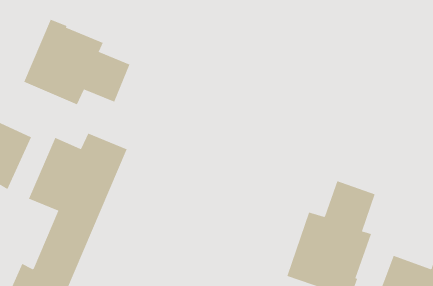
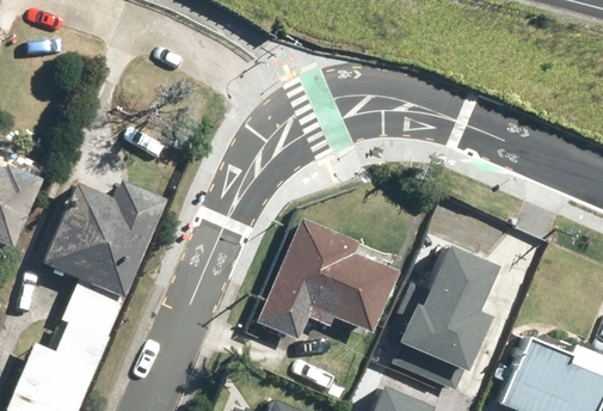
building: [24,19,130,105] -> none
building: none -> [261,215,404,341]

